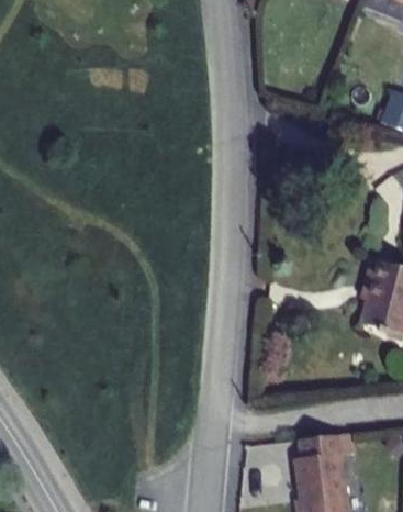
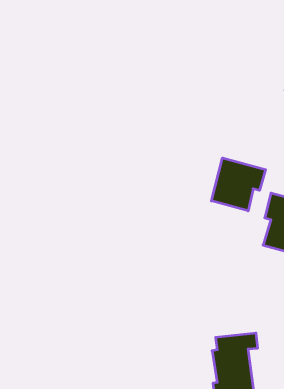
building: none -> [211,158,266,211]

